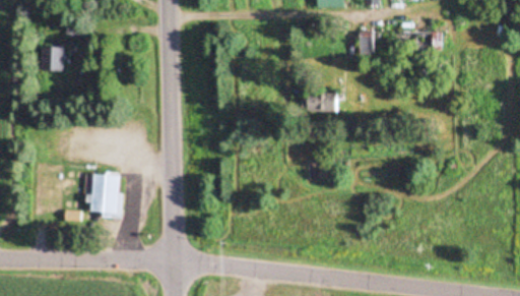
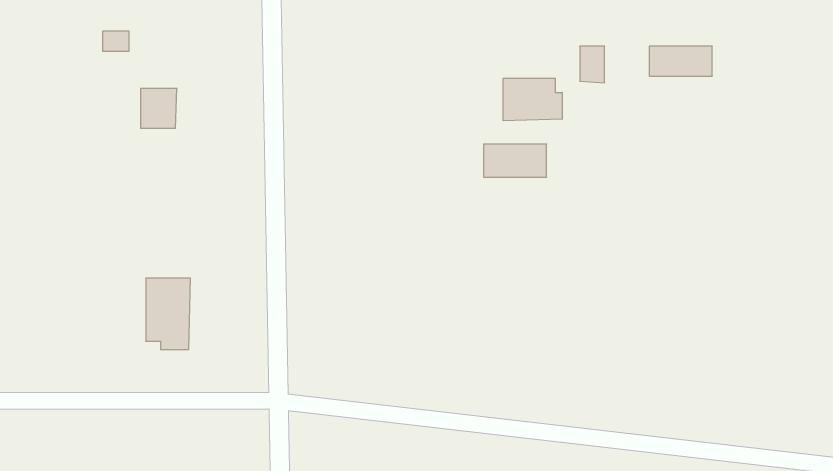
building: [44,46,66,70] -> [141,88,177,128]
building: none -> [503,78,562,121]

